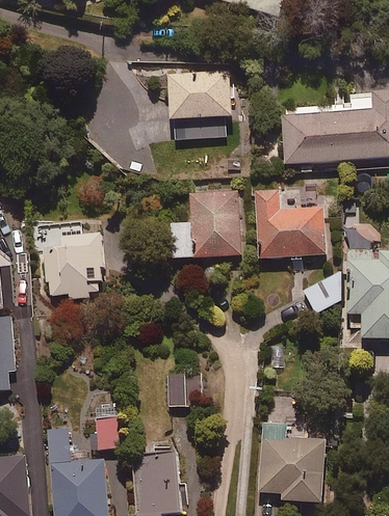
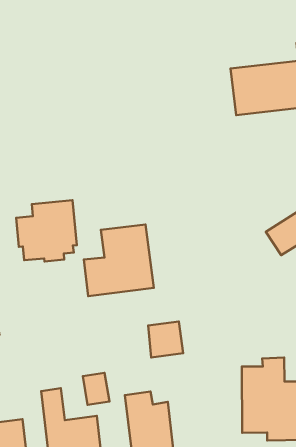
building: [166,70,230,137] -> none
building: [255,188,322,256] -> none
building: [168,190,238,259] -> [84,224,154,296]

